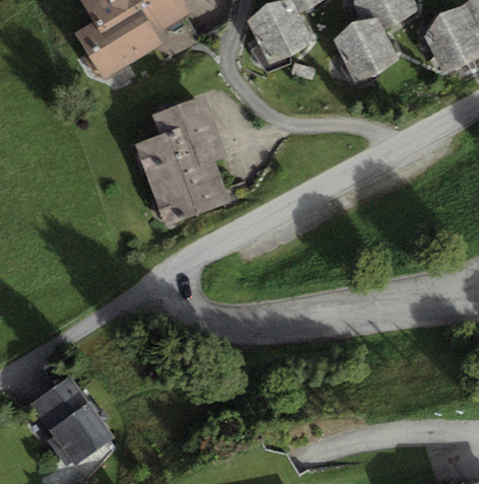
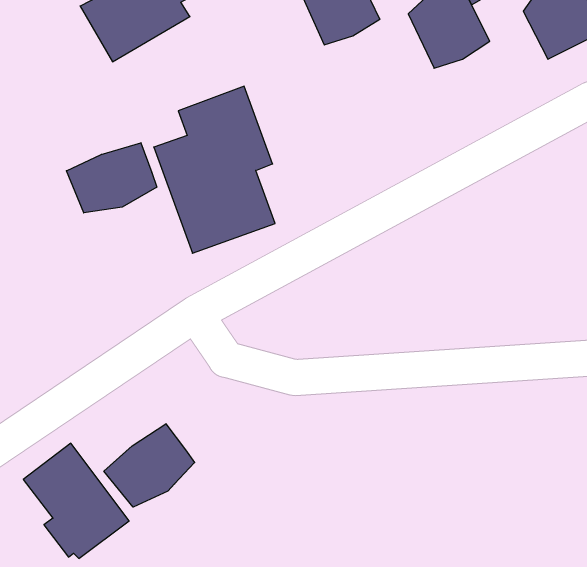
building: none -> [66,143,157,213]
building: none -> [104,424,195,507]

